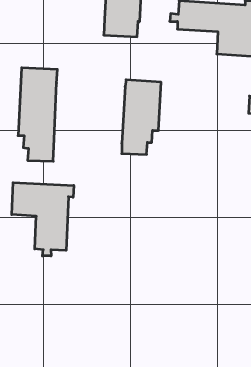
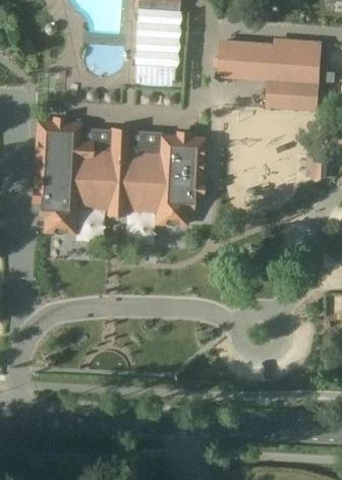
building: none -> [76,138,161,209]
building: [12,183,74,256] -> none

